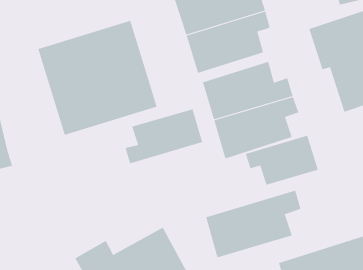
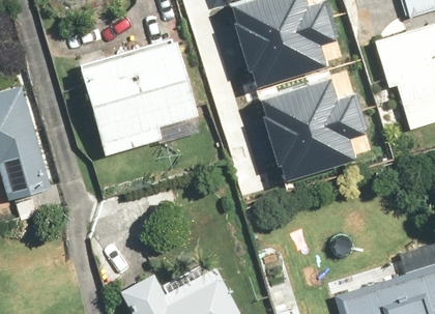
building: [125,109,203,164] -> none
building: [245,135,318,185] -> none
building: [205,190,301,258] -> none

